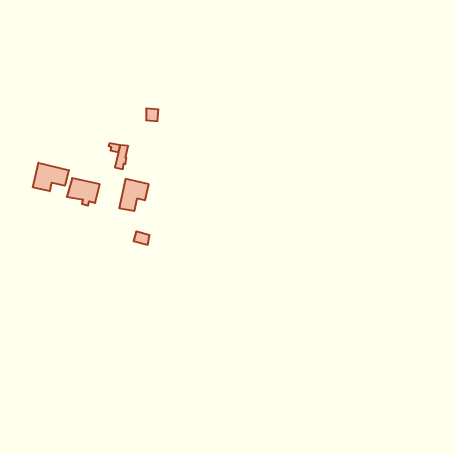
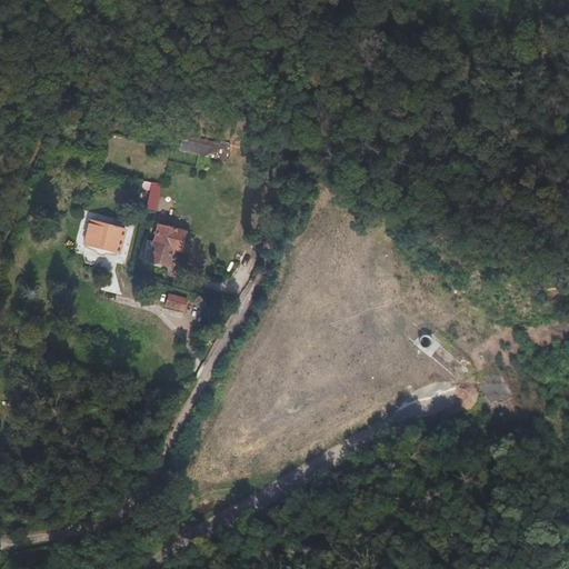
building: [33,163,69,191] -> none

